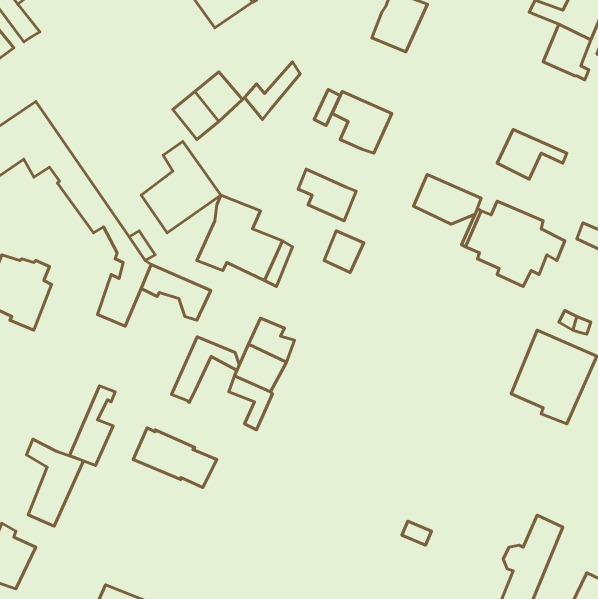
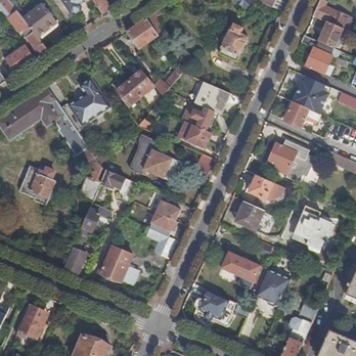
building: none -> [292,75,330,114]
building: none -> [181,100,214,131]
building: [141,141,221,233] -> [69,79,109,126]
building: [413,174,481,224] -> [248,174,282,199]
building: none -> [234,201,263,229]
building: [171,337,239,402] -> [79,204,114,237]
building: none -> [221,251,259,281]
building: [26,439,83,526] -> none
building: none -> [256,269,290,307]
building: none -> [194,291,228,318]

